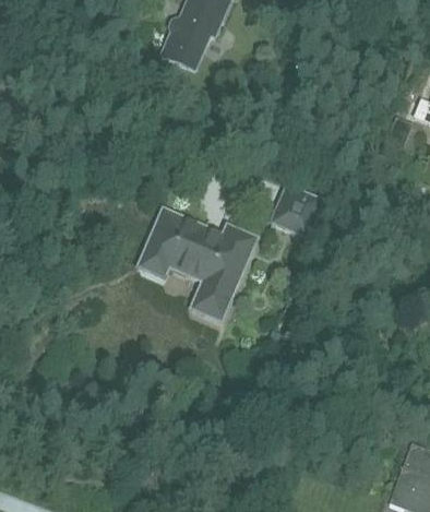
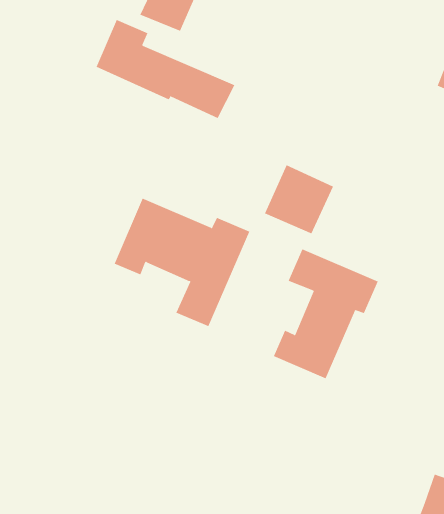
building: none -> [96,19,235,119]
building: none -> [273,248,378,379]

